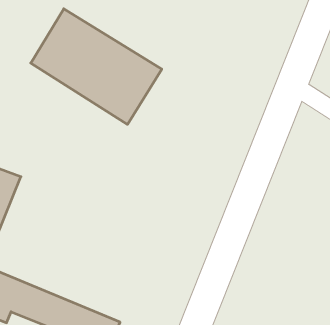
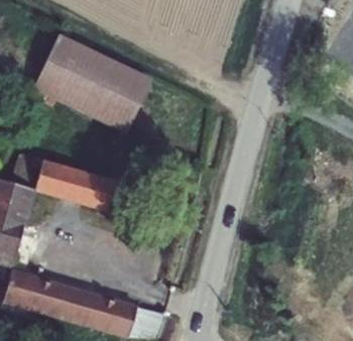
building: none -> [36,161,117,209]

